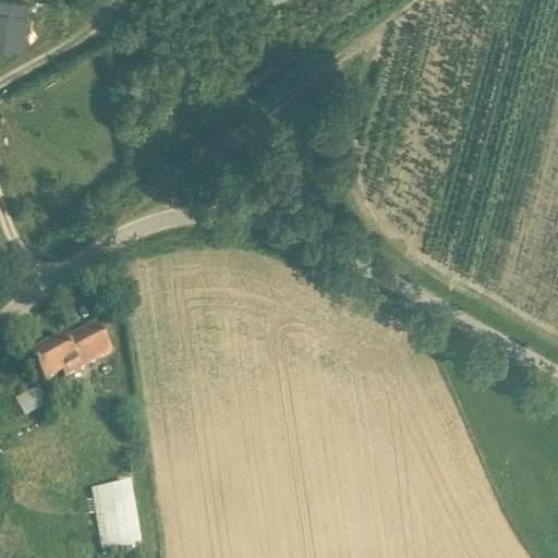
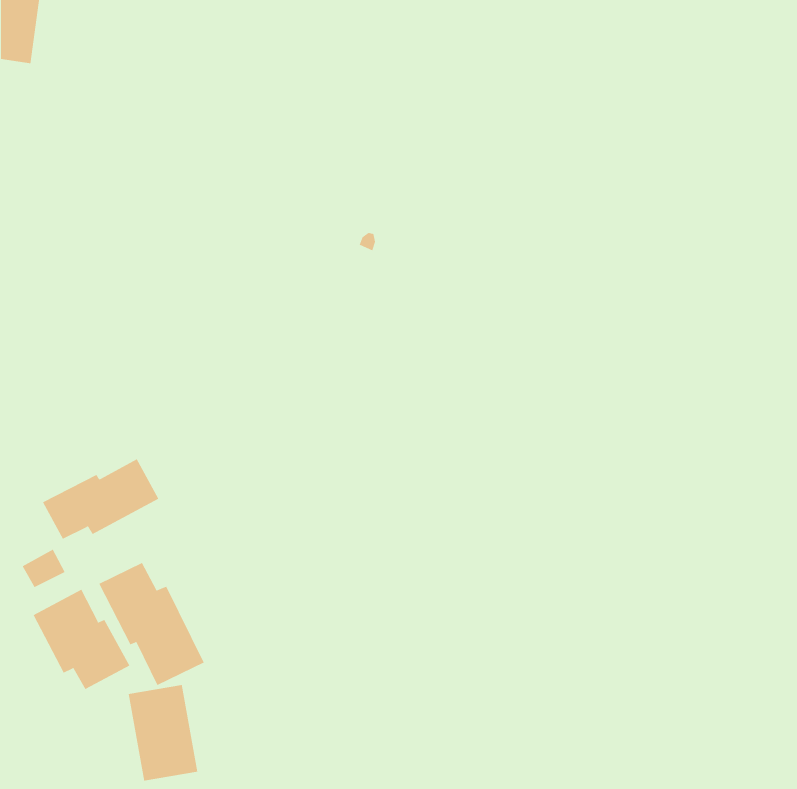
building: none -> [98,562,204,686]
building: none -> [33,589,130,690]

